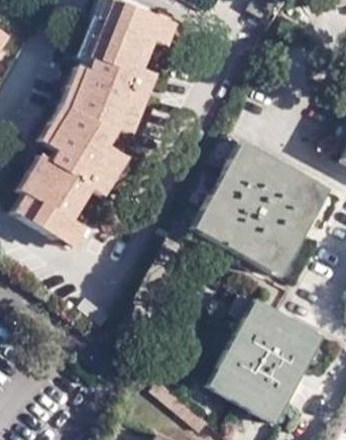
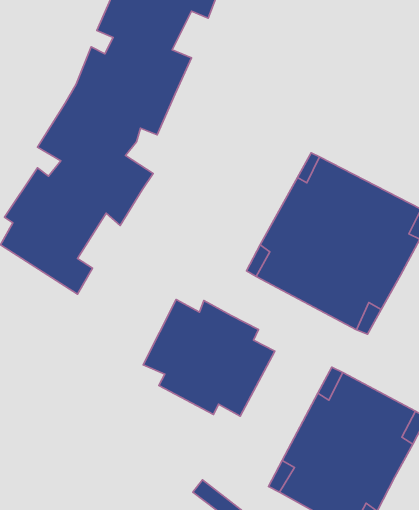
building: none -> [143,300,275,416]

